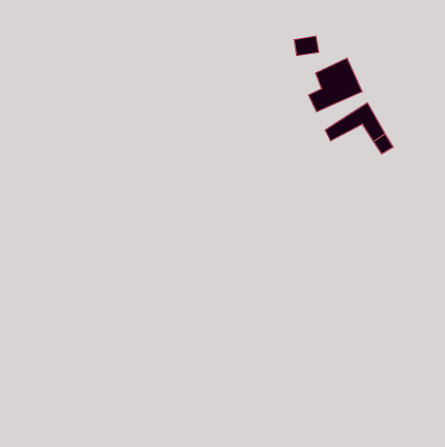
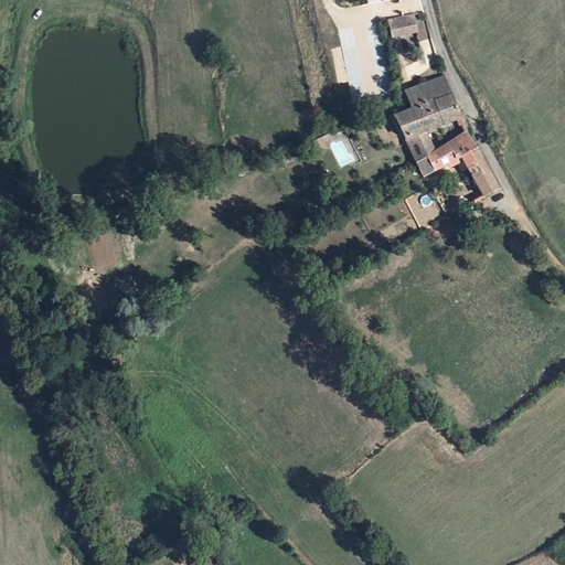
building: [294,36,319,56] -> [394,10,425,34]
building: none -> [403,132,429,163]

